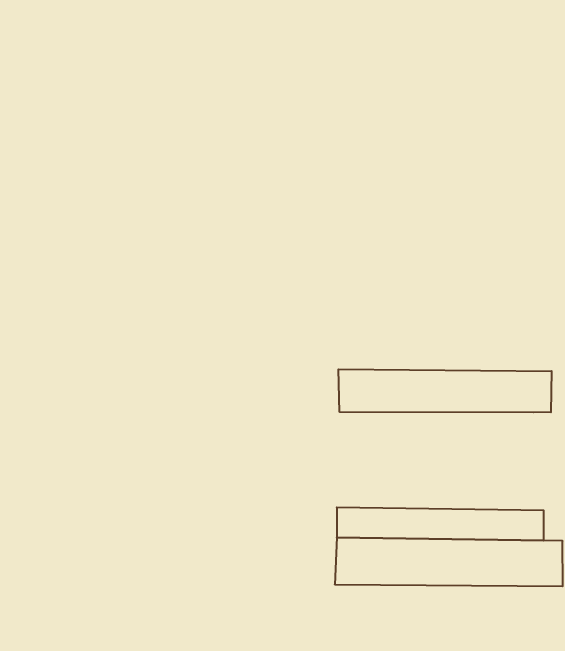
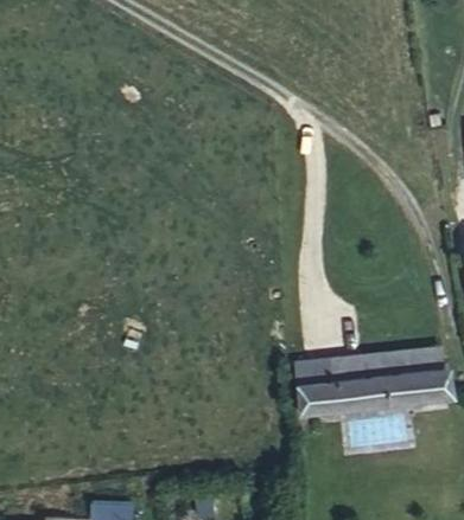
building: [338,369,552,412] -> none

